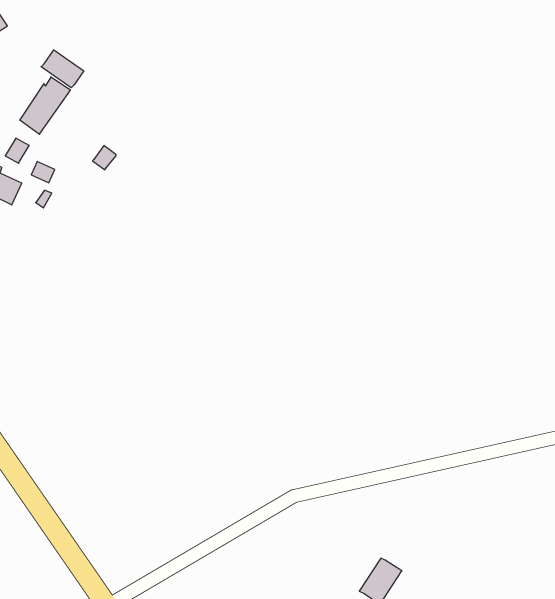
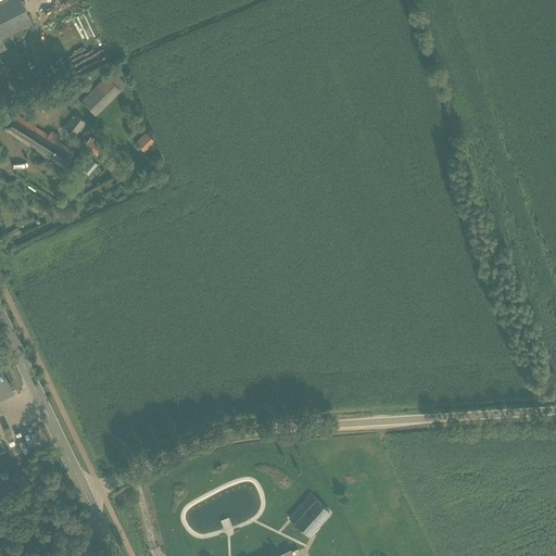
building: [41,50,84,88] -> none

